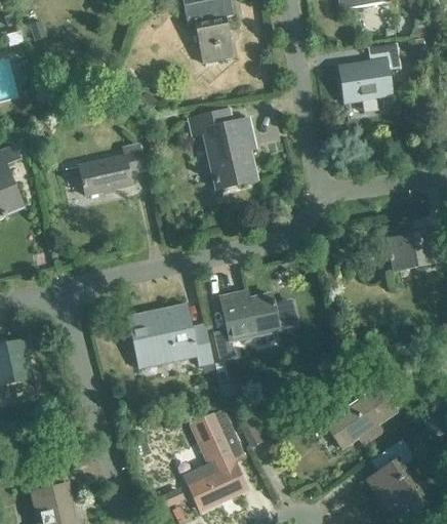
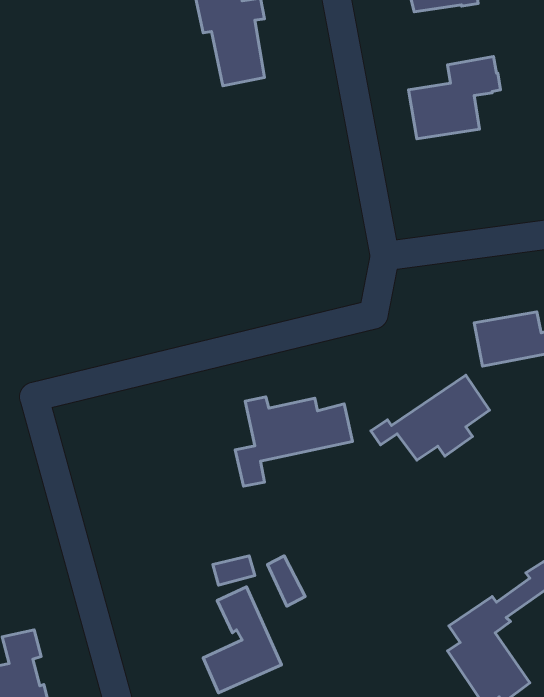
building: [189,108,255,189] -> none
building: [79,144,145,195] -> none
building: [128,303,213,365] -> none
building: [309,385,396,447] -> [371,375,489,460]

